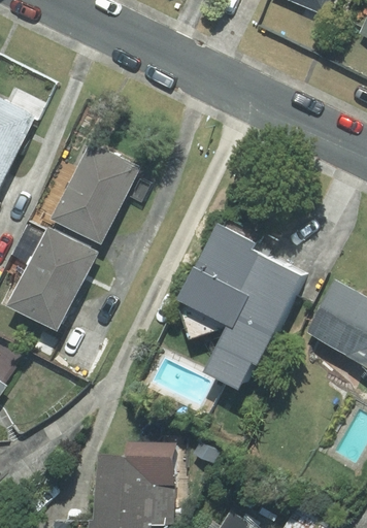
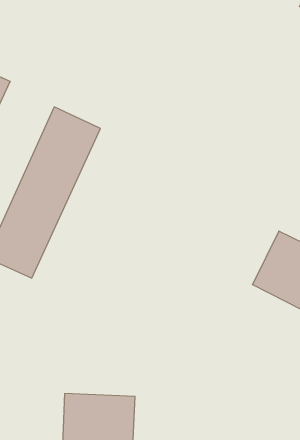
building: [185,222,303,391] -> none

